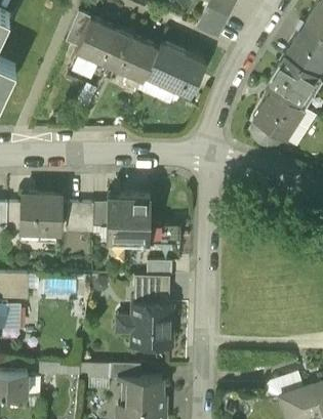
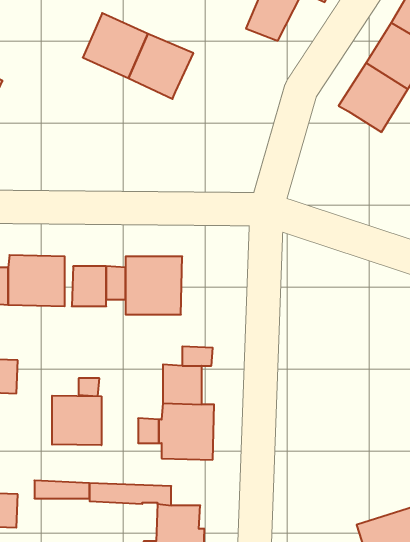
building: [145,38,206,95] -> none
building: [252,89,302,148] -> none
building: none -> [52,396,101,445]

